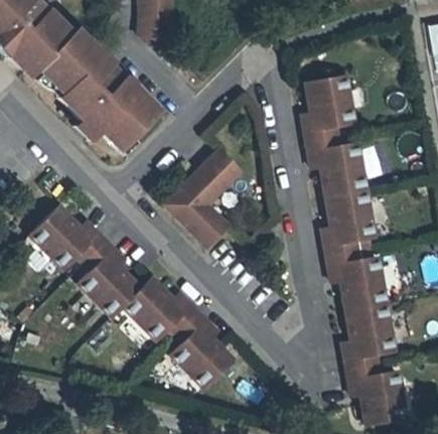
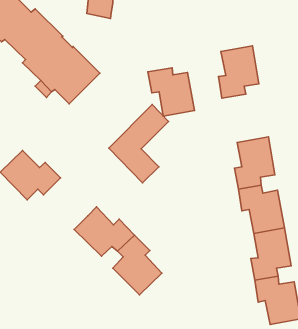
building: [306,136,364,196] -> [148,68,195,116]
building: [78,241,139,316] -> none

